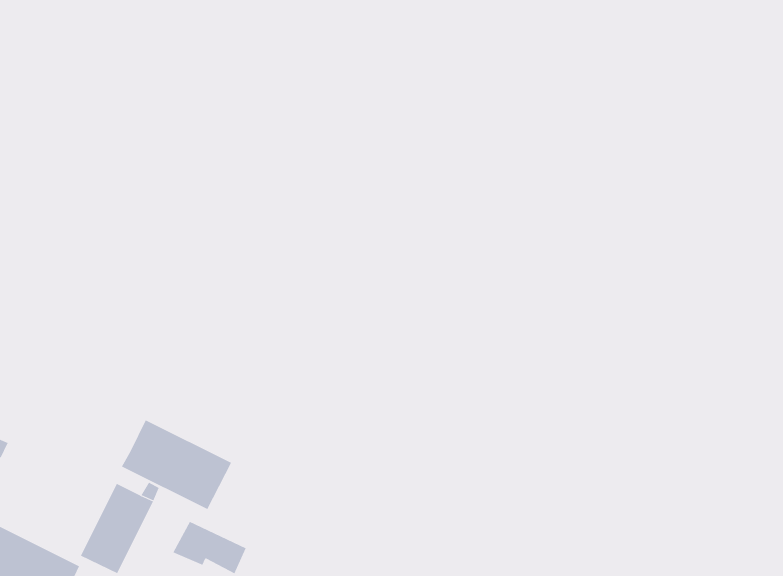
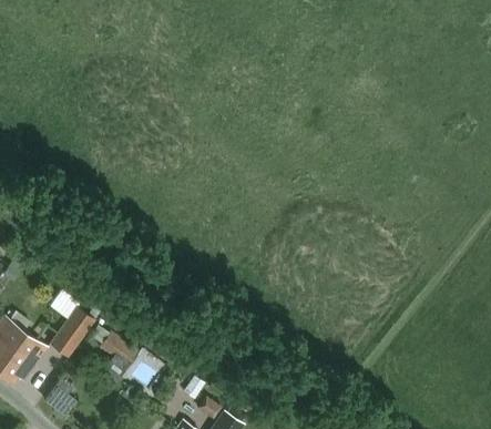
building: [121,420,232,510] -> none

